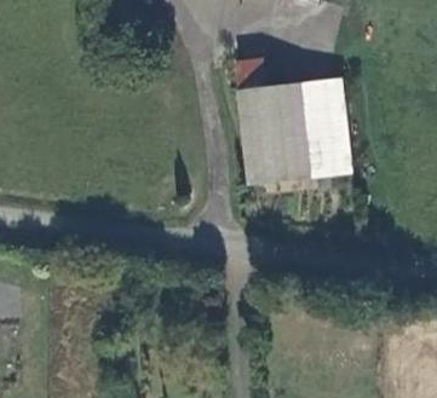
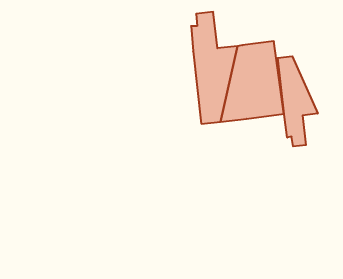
building: none -> [278,56,318,146]

